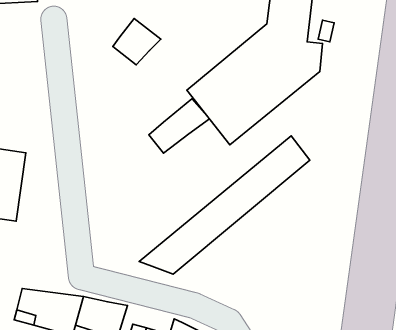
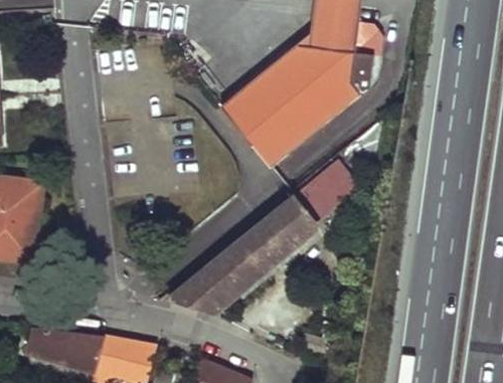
building: [113,19,161,65] -> none
building: [149,99,210,153] -> none

